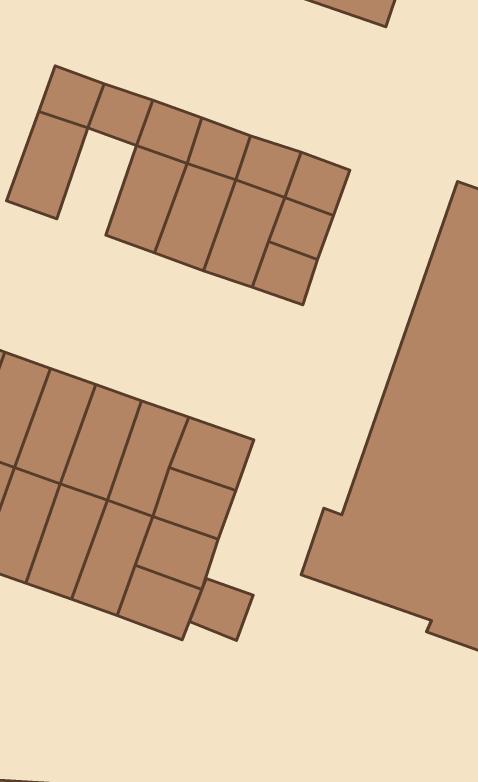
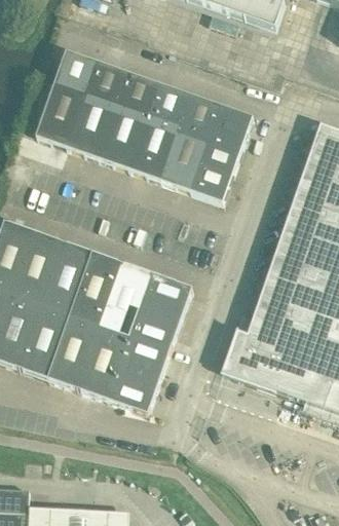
building: none -> [68,89,118,157]
building: [189,578,253,641] -> none

